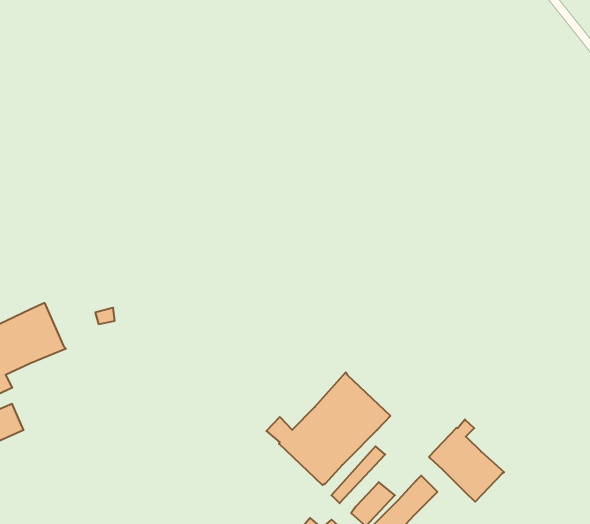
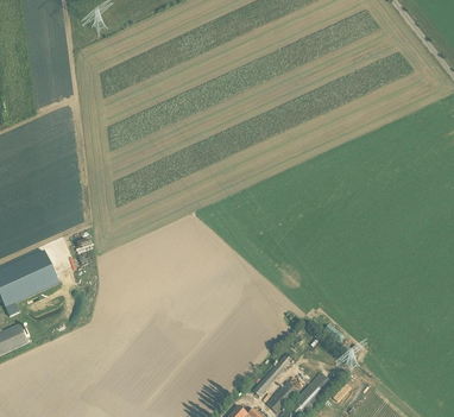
building: [266,372,390,485] -> none
building: [429,419,504,502] -> none

